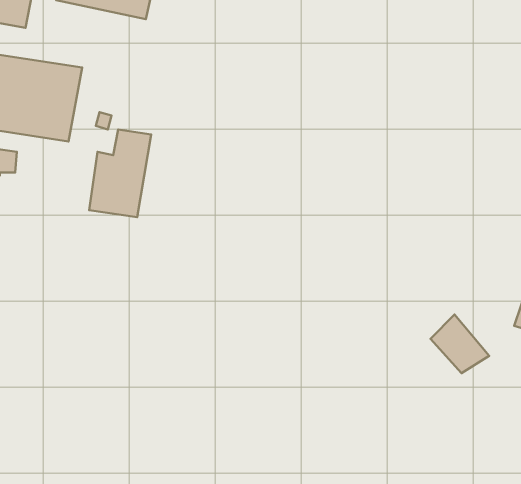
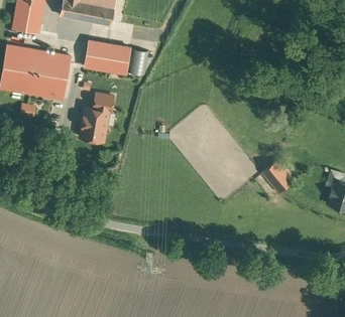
building: none -> [83,41,131,76]
building: [430,315,489,373] -> [258,159,293,193]

